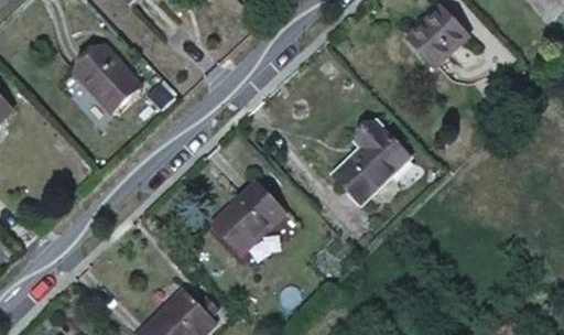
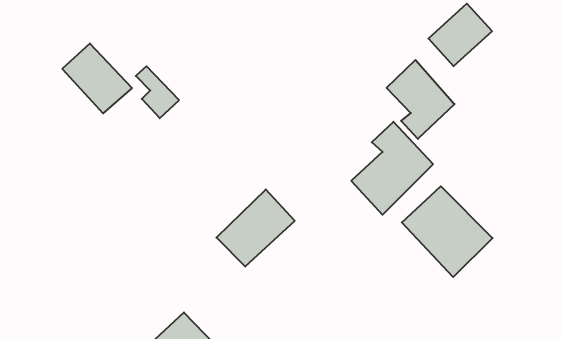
building: none -> [387,60,455,139]
building: none -> [402,186,493,277]

